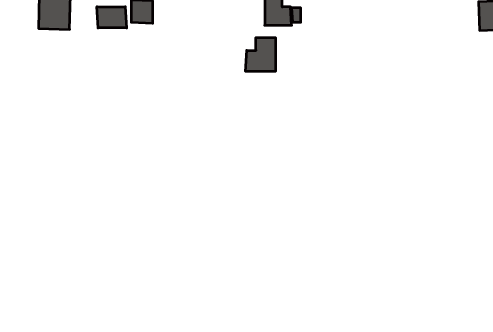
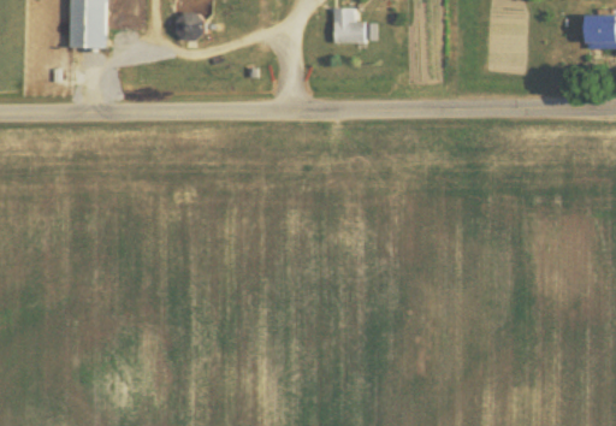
building: [97,7,127,28] -> none
building: [246,38,275,71] -> none

